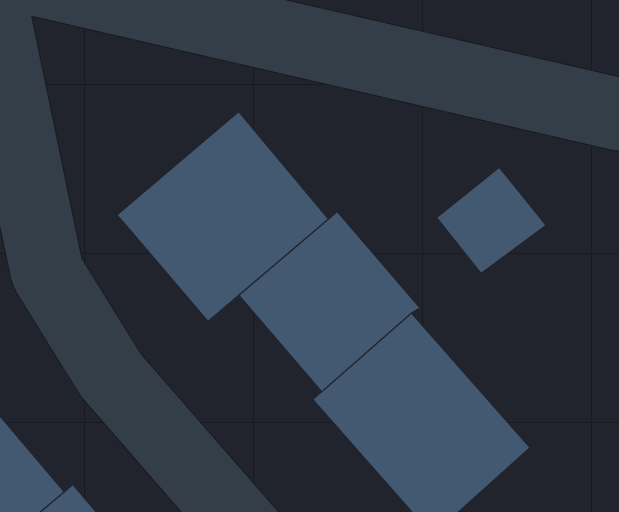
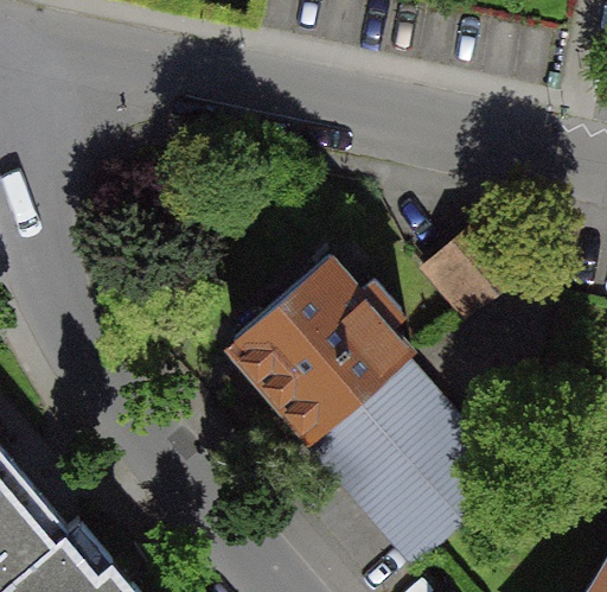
building: [117,111,329,322] -> none

